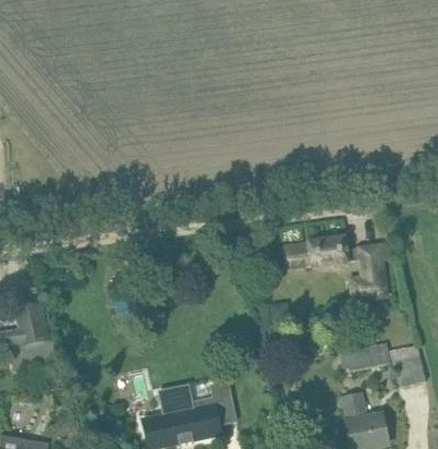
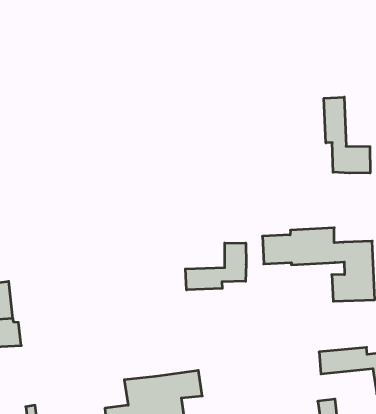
building: none -> [324,97,370,173]
building: none -> [185,243,246,290]

